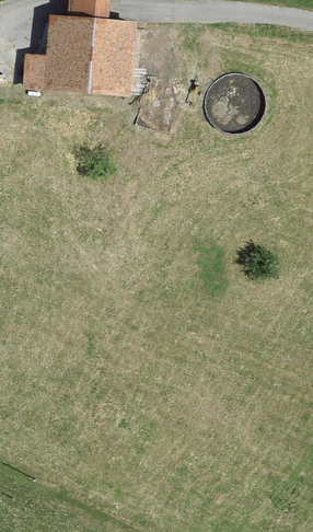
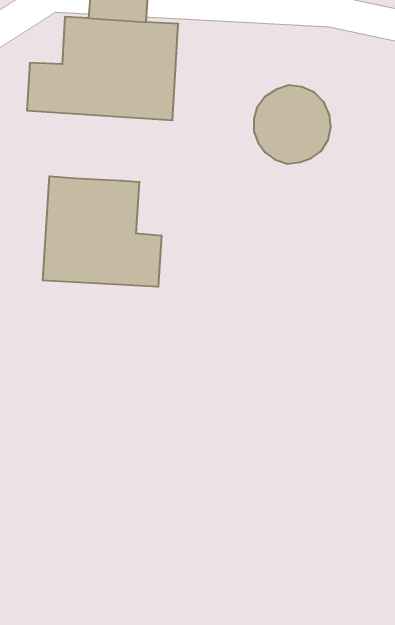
building: none -> [43,176,161,287]

